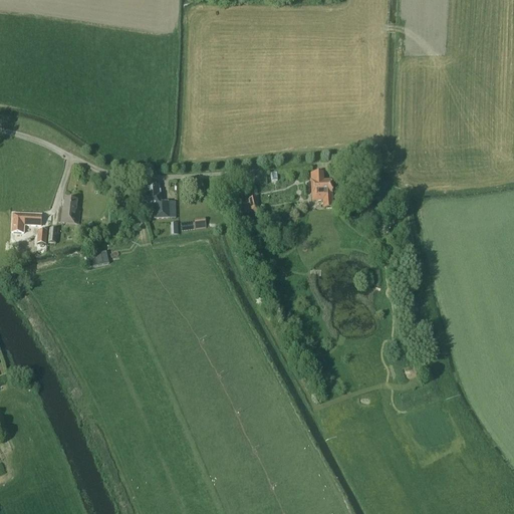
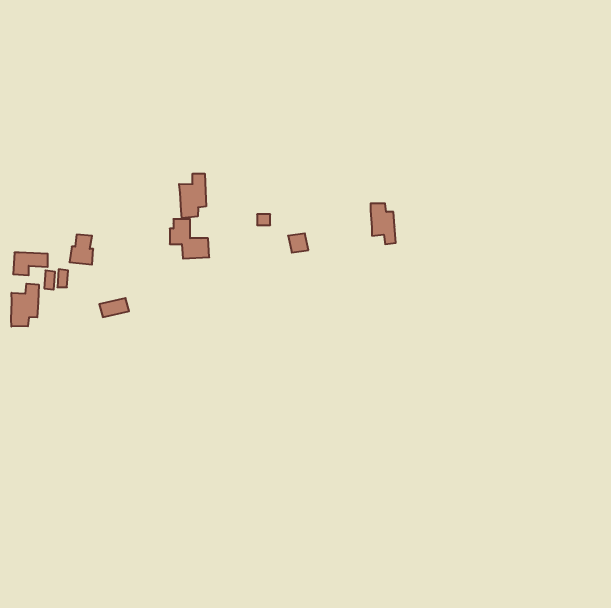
building: none -> [179,174,206,218]
building: none -> [11,284,39,327]

